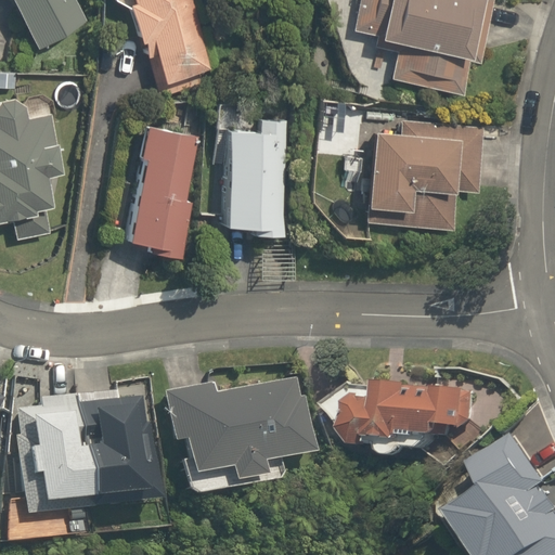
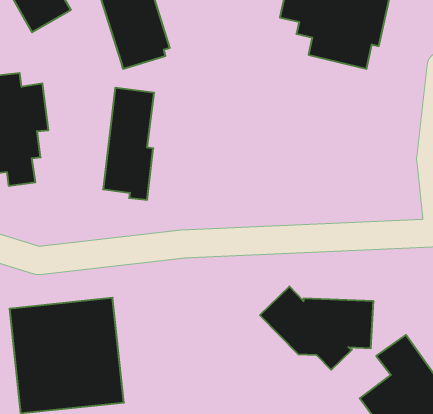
building: [365,114,481,227] -> none
building: [229,115,288,241] -> none
building: [162,375,319,493] -> none

